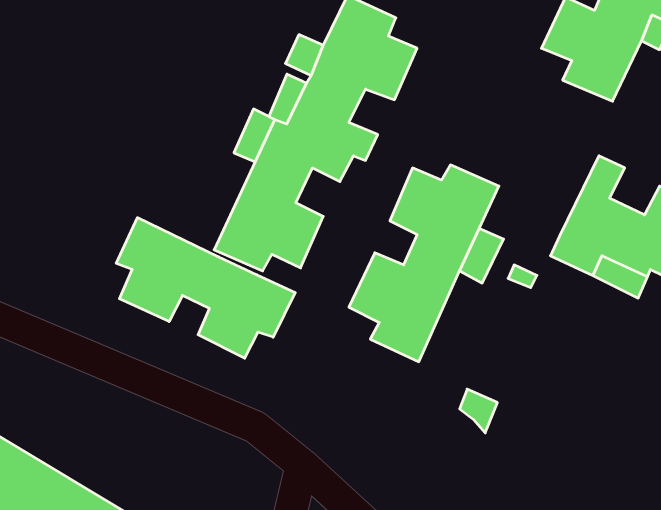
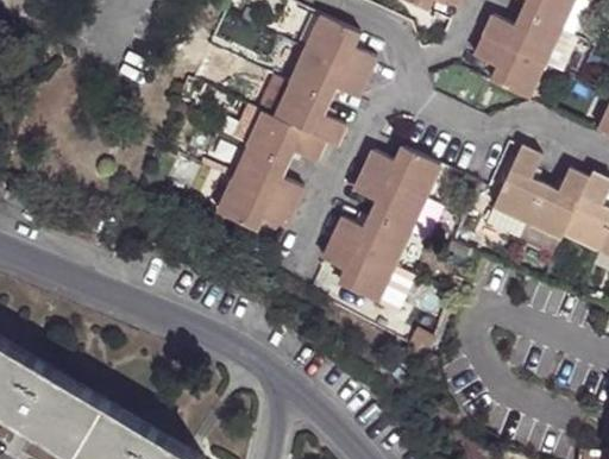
building: [116,218,295,358] -> none

